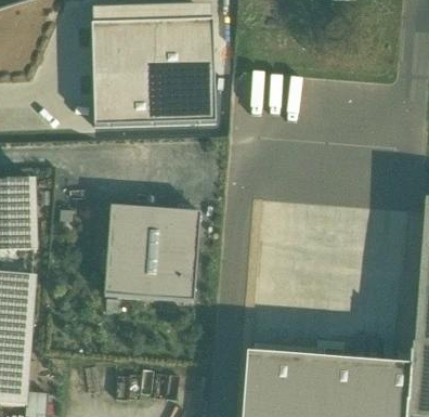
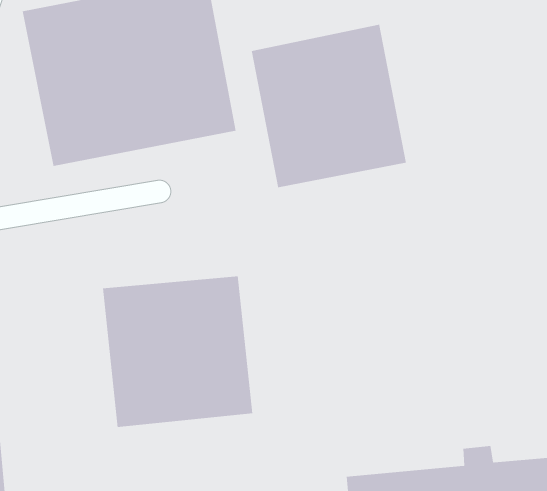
building: none -> [251,24,407,188]

